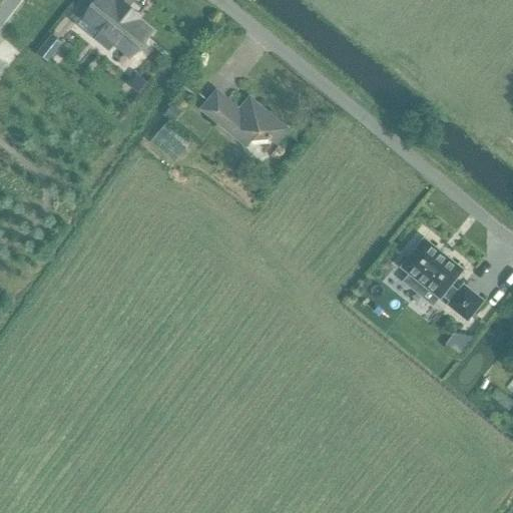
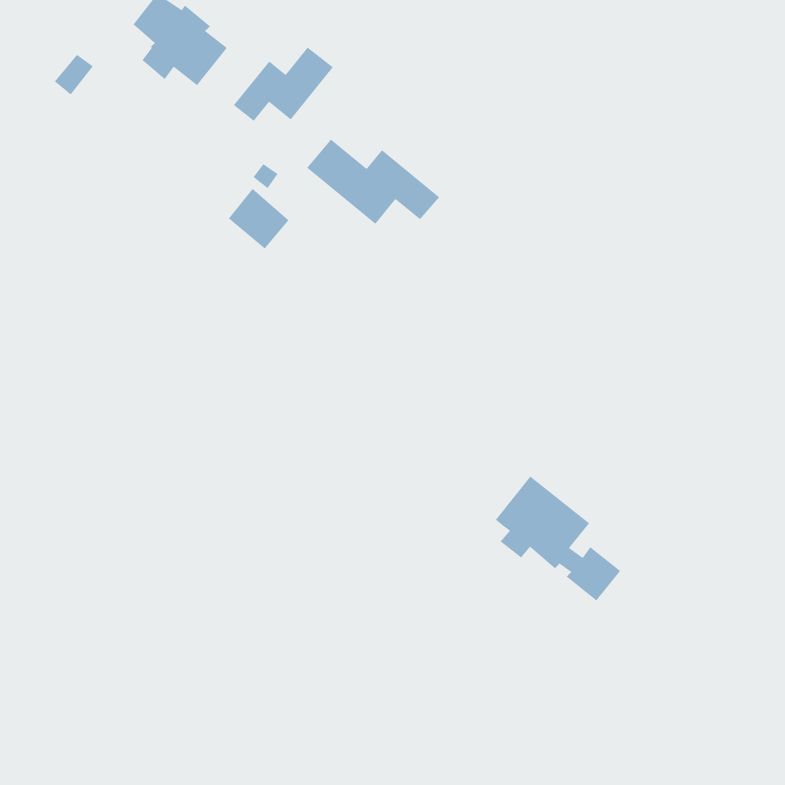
building: none -> [233,46,334,122]
building: [400,238,482,321] -> [495,475,621,602]

